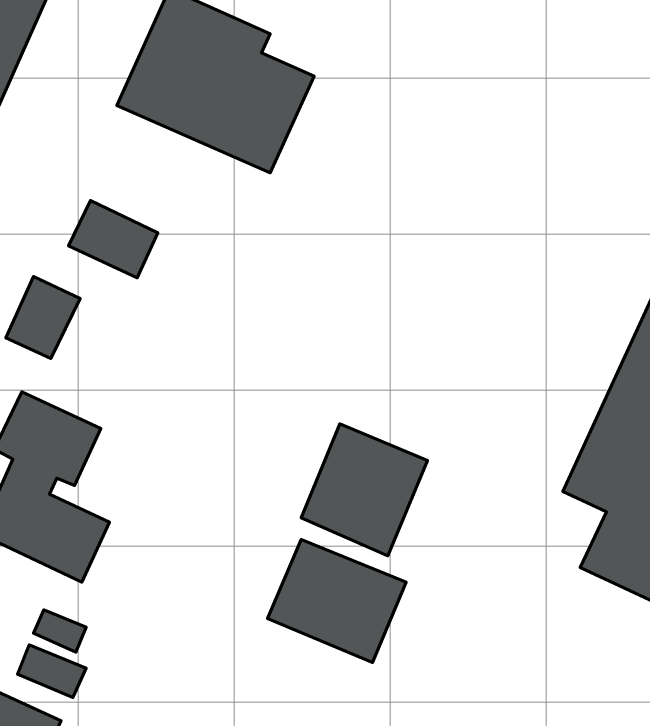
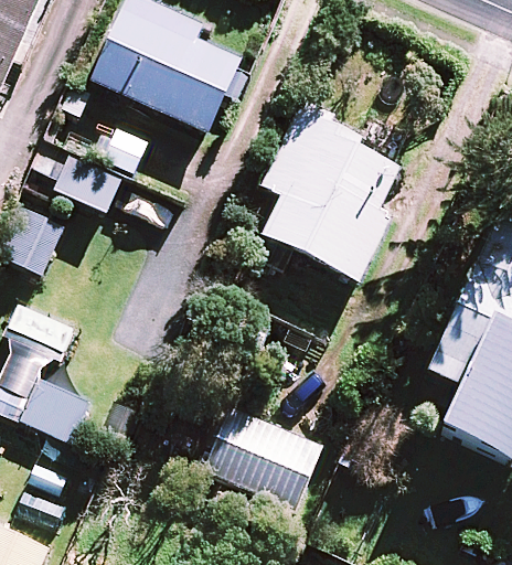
building: none -> [264,107,403,280]
building: [301,424,427,556] -> none

